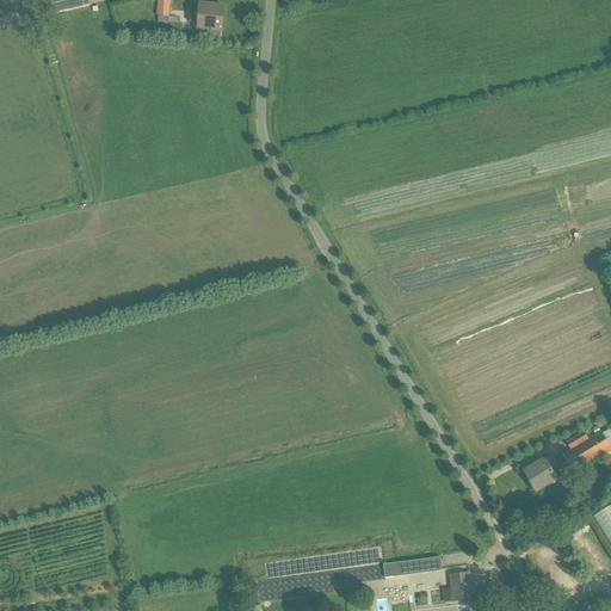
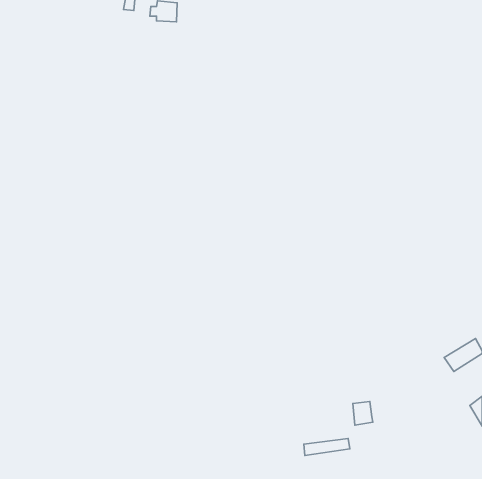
building: [524,453,560,489] -> none
building: [449,569,474,599] -> [353,402,373,425]

